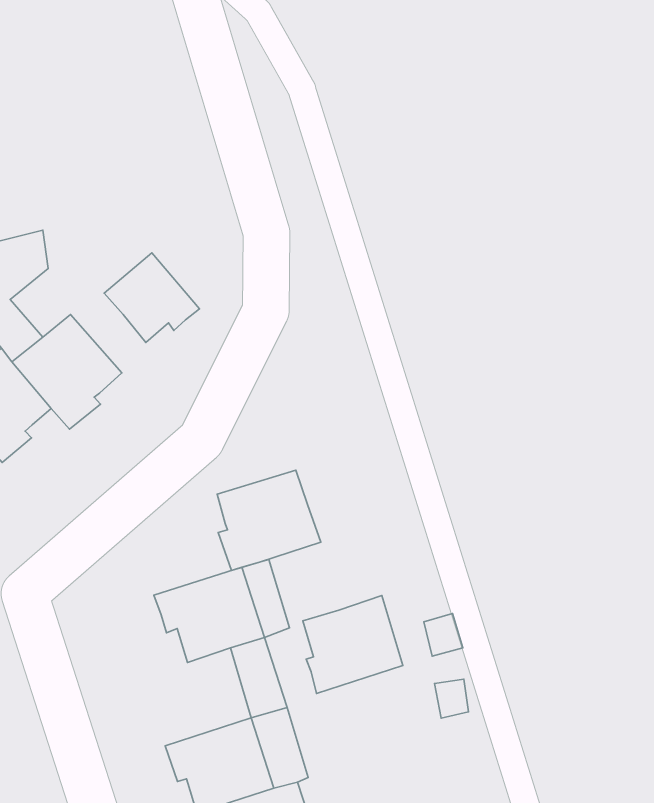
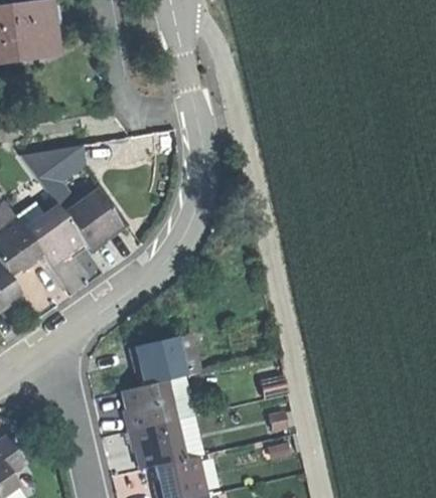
building: [104,253,200,343] -> none
building: [217,470,321,570] -> none
building: [303,595,403,693] -> [122,380,174,431]

